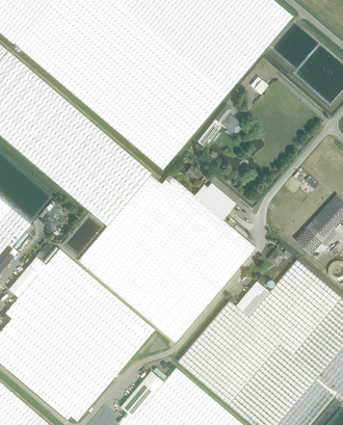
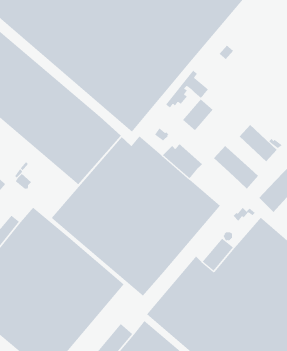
building: none -> [182,99,214,131]
building: none -> [239,124,277,162]
building: none -> [213,145,259,190]

